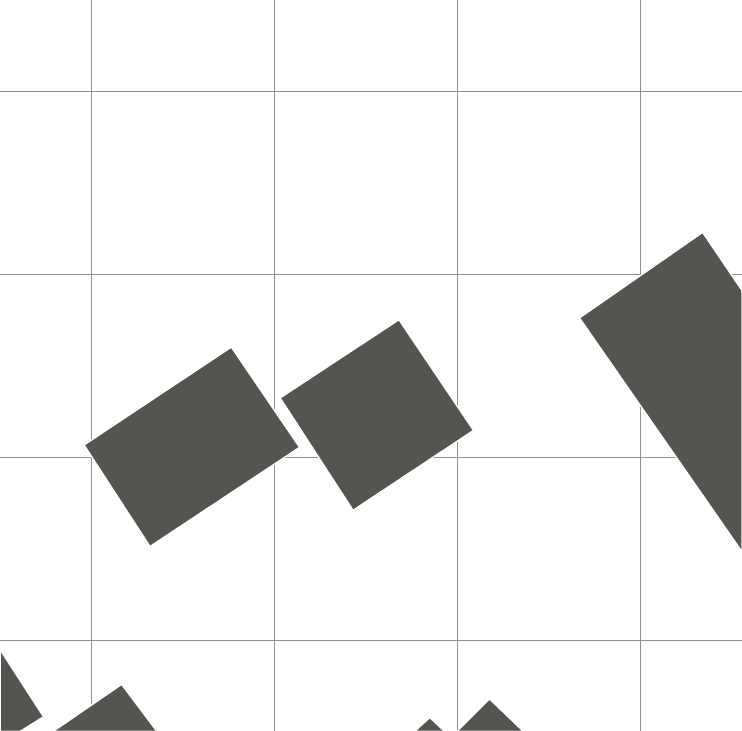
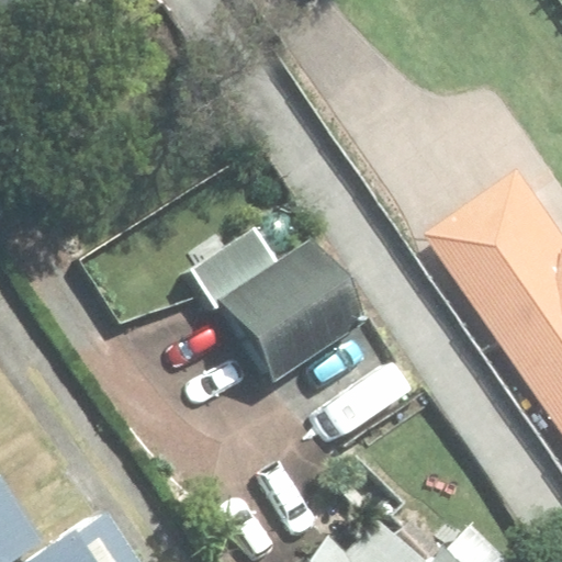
building: [84,347,300,546] -> none

